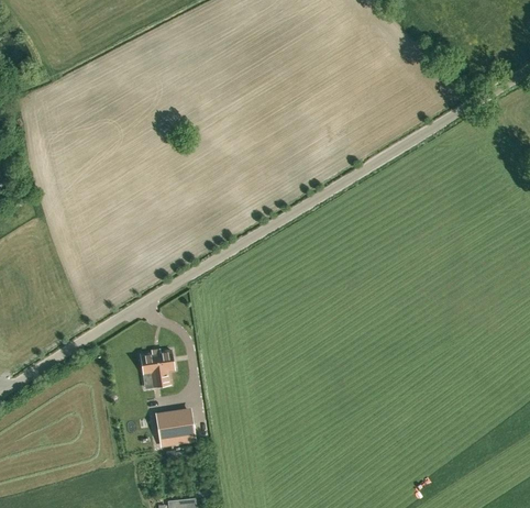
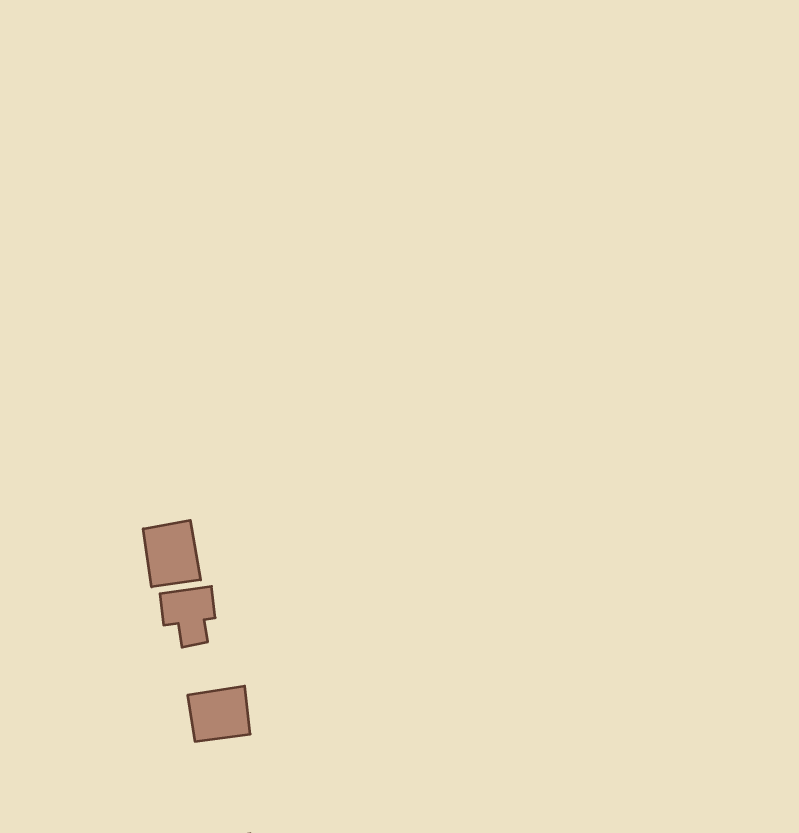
building: none -> [143,520,201,587]

